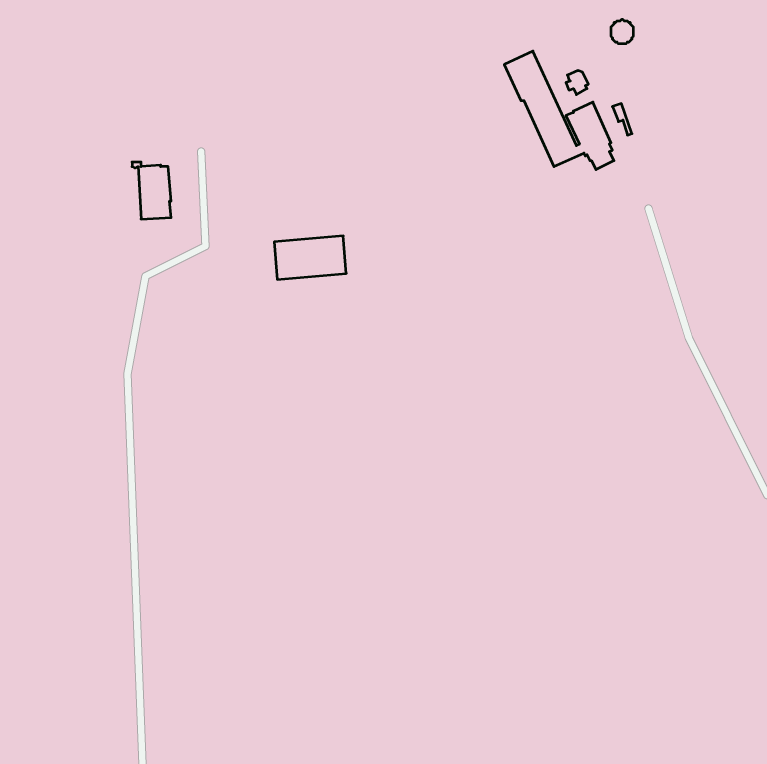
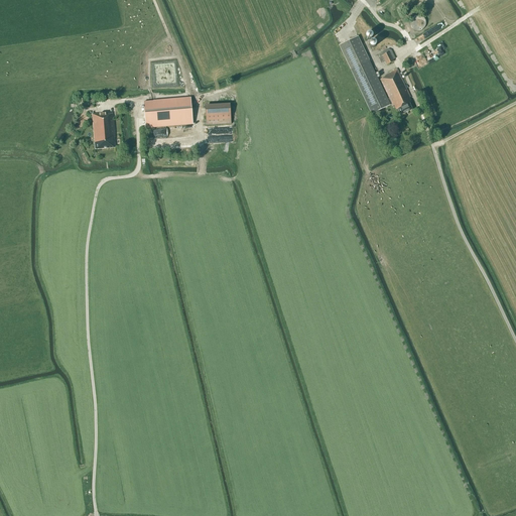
building: none -> [205,102,231,123]
building: [274,236,346,279] -> [144,97,192,126]

